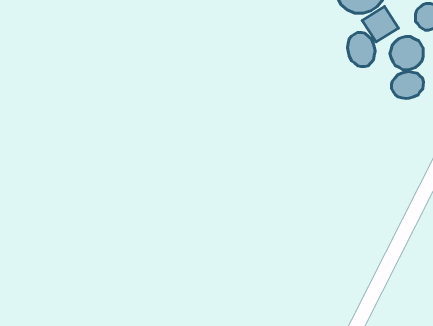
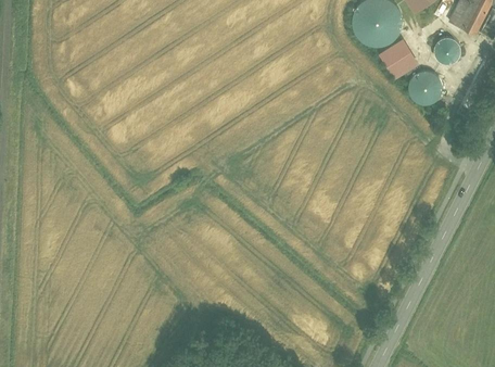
building: [347,32,375,67] -> none
building: [391,72,423,99] -> none

